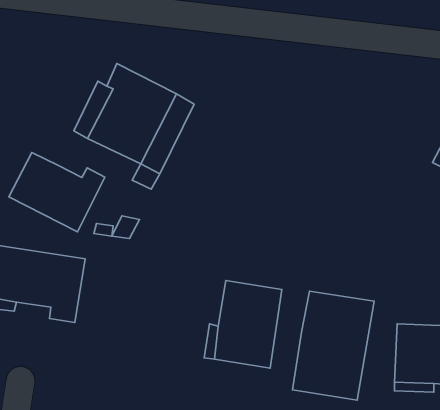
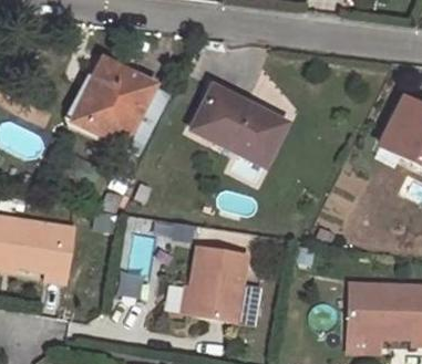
building: none -> [192,85,286,166]
building: [9,152,105,232] -> none
building: [293,291,374,400] -> none

